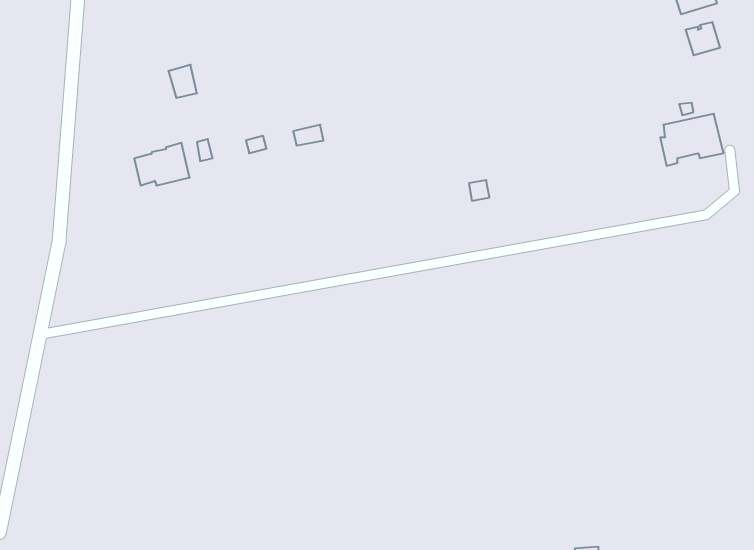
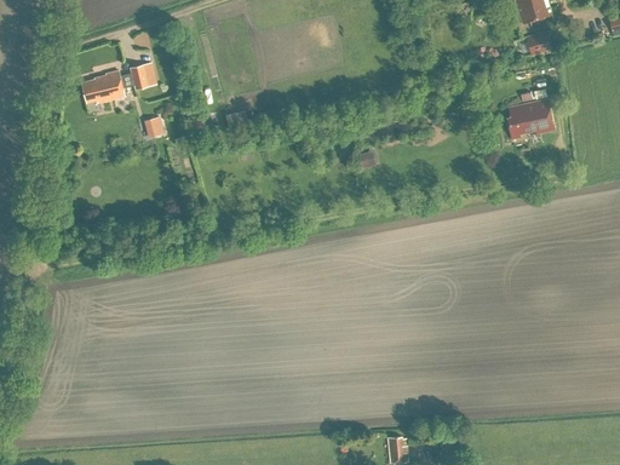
building: [134,143,190,186] -> [81,71,124,104]

